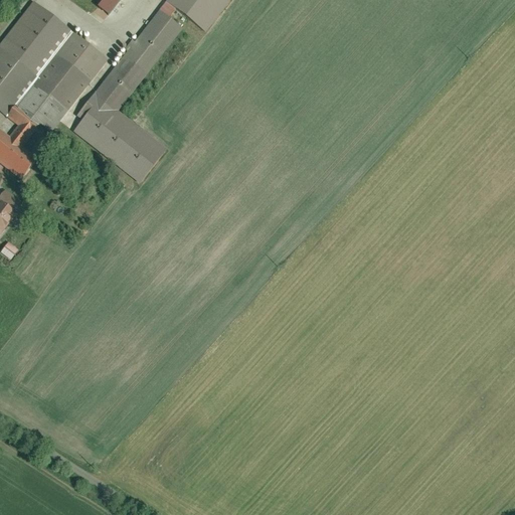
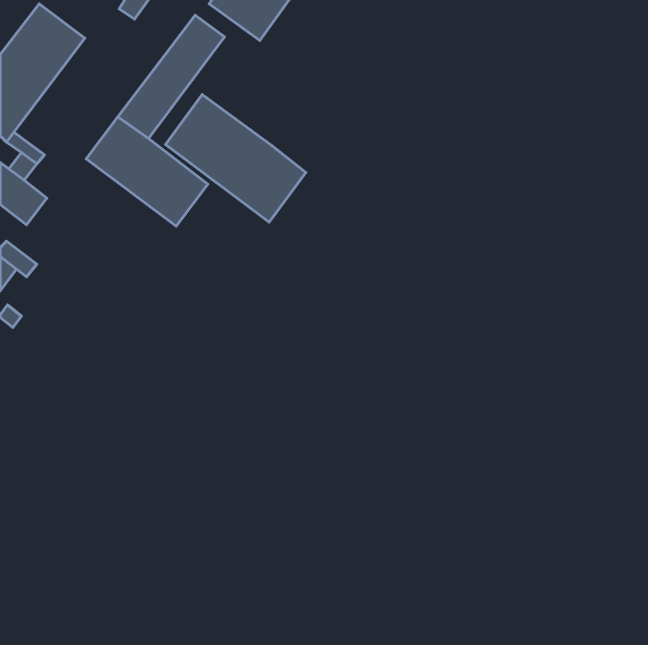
building: [20,35,106,130] -> none
building: none -> [165,95,306,222]

